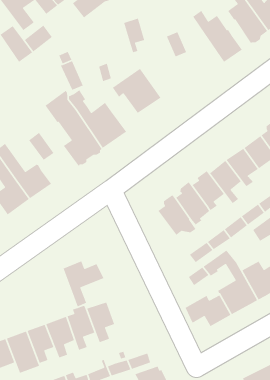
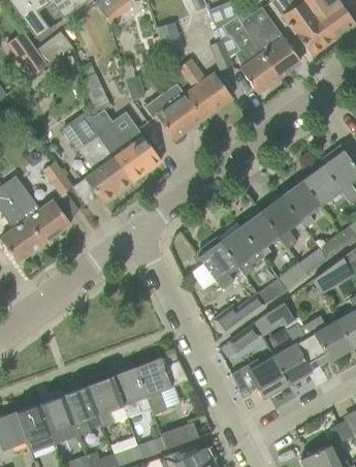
building: none -> [222,17,279,93]
building: none -> [171,60,233,120]
building: [62,259,104,307] -> [137,355,188,414]

